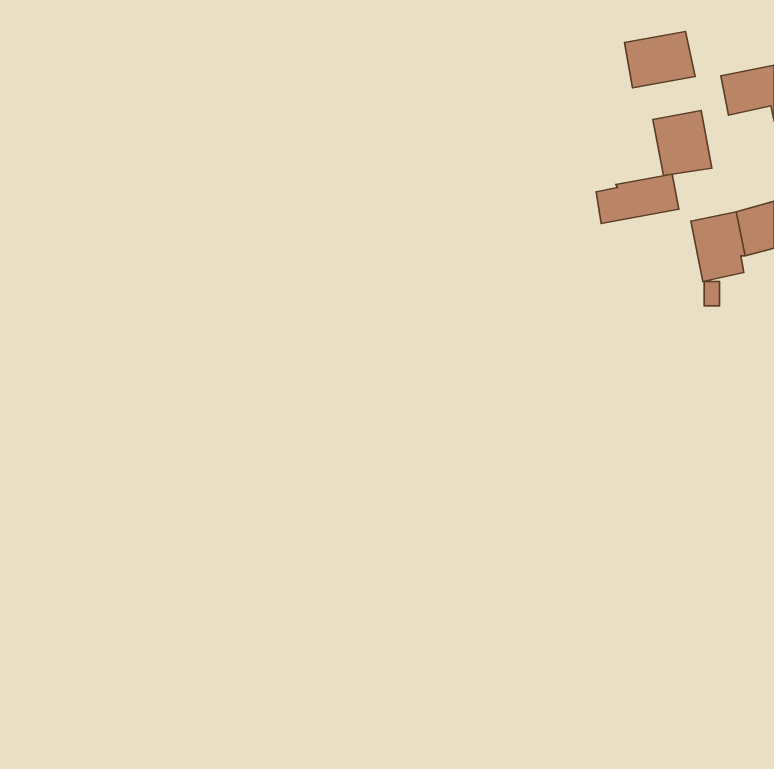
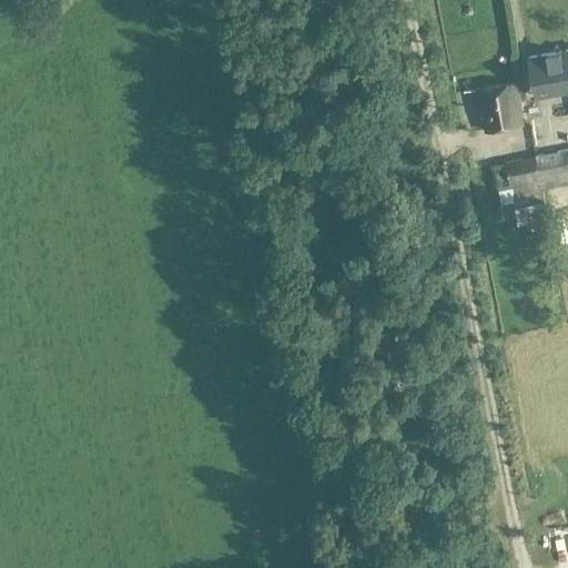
building: [624,32,695,88] -> none
building: [596,174,679,223] -> none

